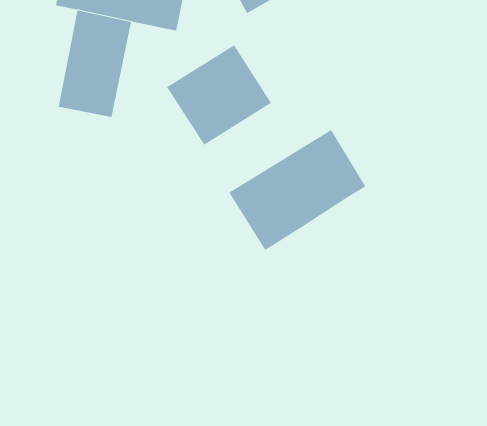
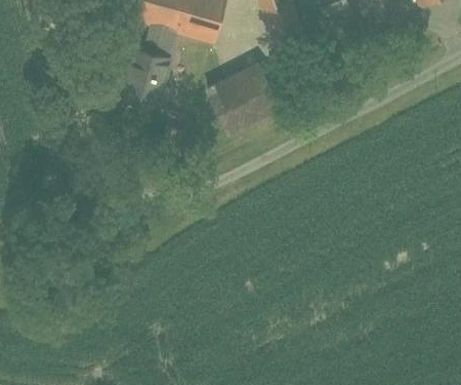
building: [228,129,366,251] -> none

